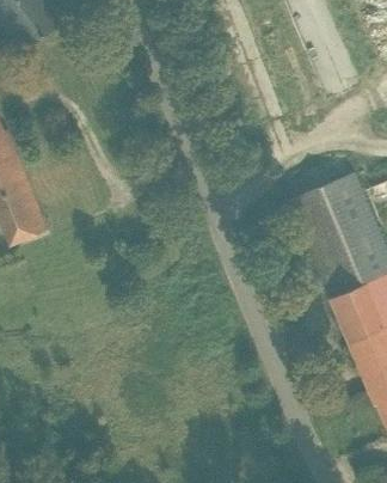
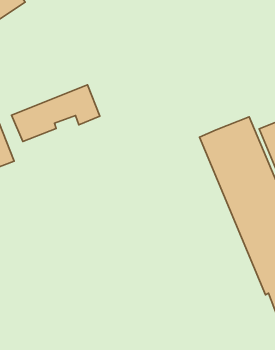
building: none -> [12,85,100,142]

